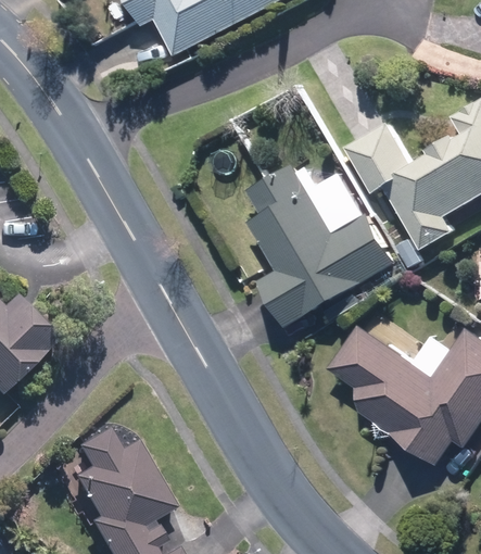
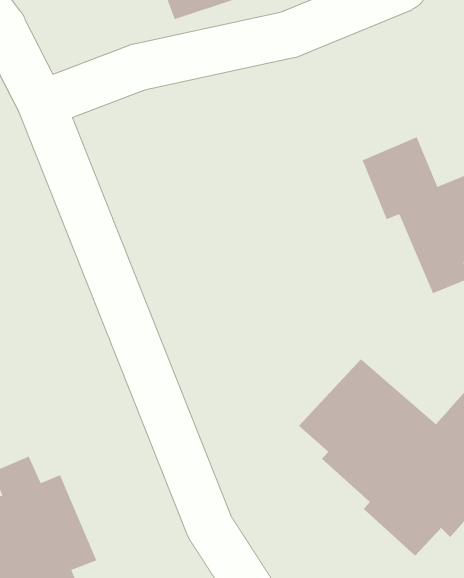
building: [249,163,396,328] -> none

